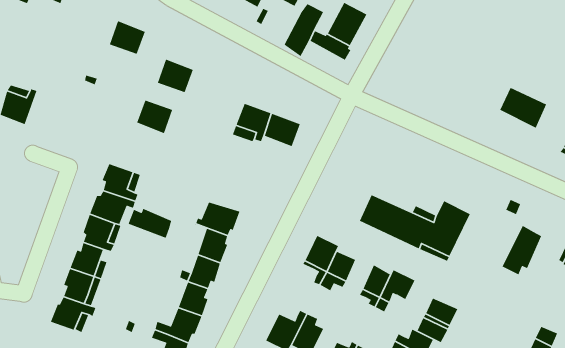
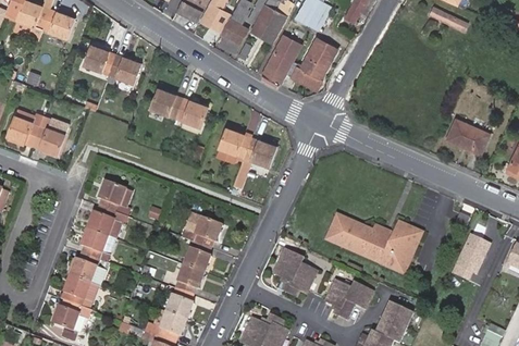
building: none -> [81,47,113,77]
building: none -> [32,118,66,158]
building: [136,100,173,134] -> [173,99,206,129]
building: [128,208,172,239] -> none

